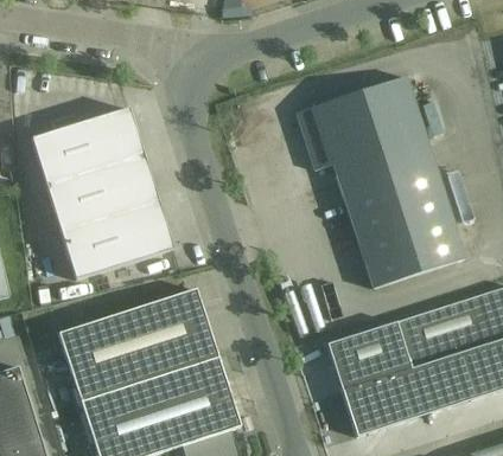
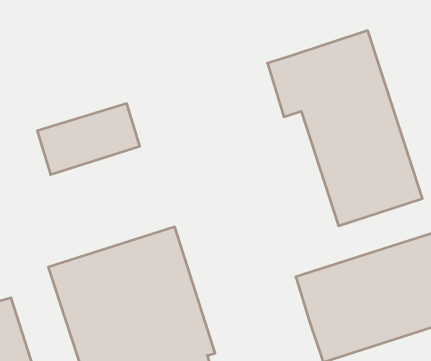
building: [31,107,144,184] -> none
building: [61,200,173,278] -> none

